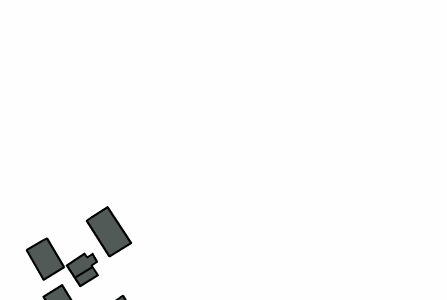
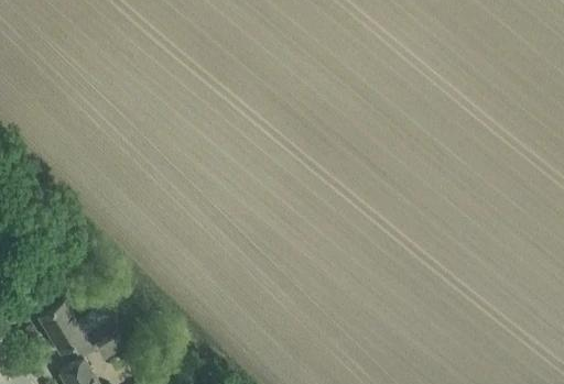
building: [87,207,131,256] -> none

